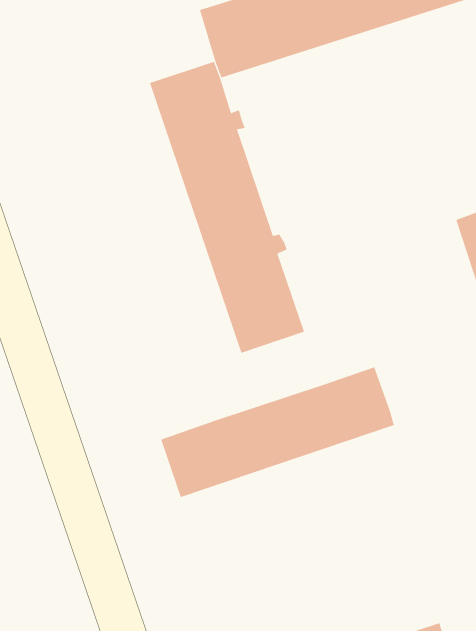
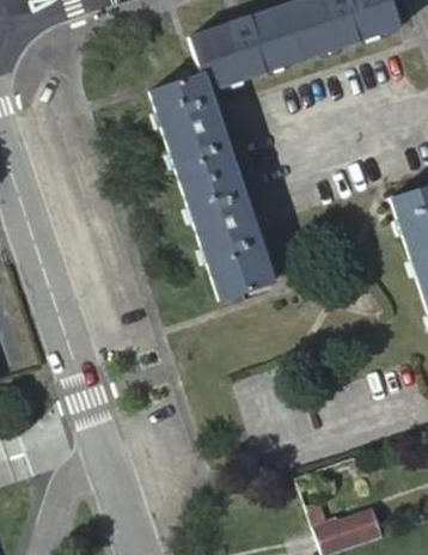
building: [160,367,395,498] -> none

